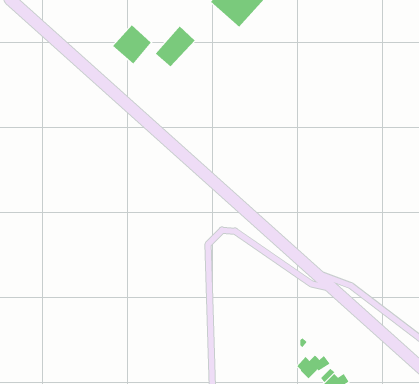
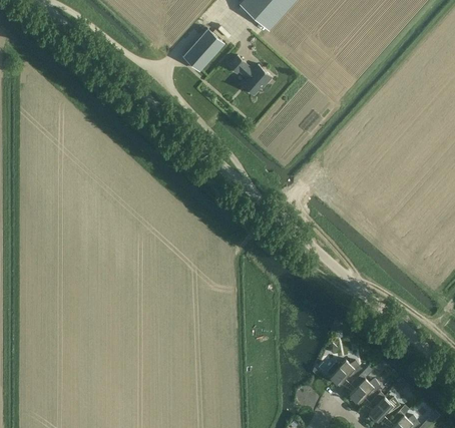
building: [112,24,152,64] -> none
building: none -> [227,56,272,96]

